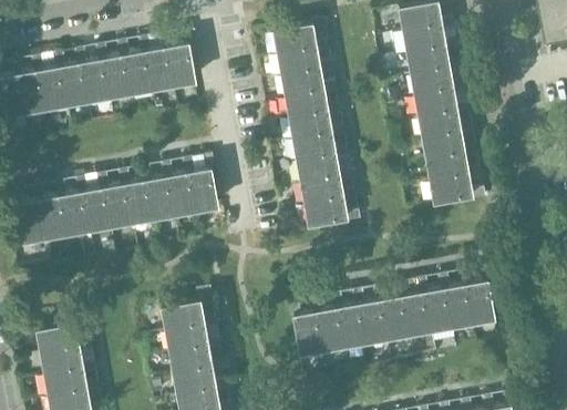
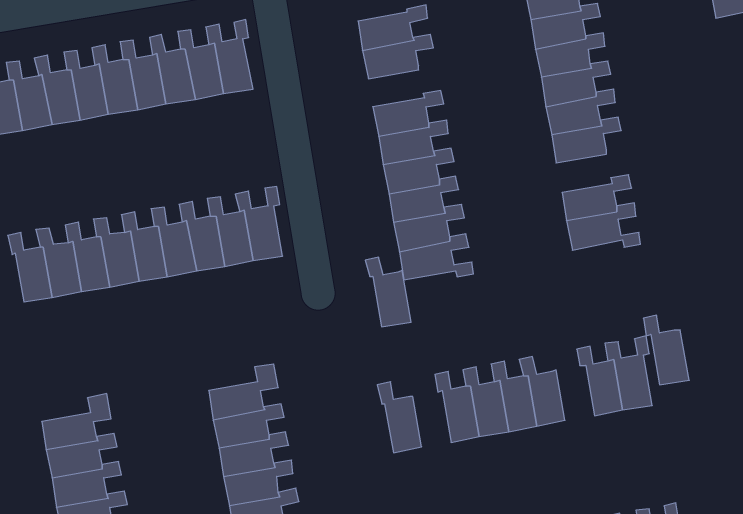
building: [281,64,333,98] -> none
building: [422,127,474,162] -> none
building: [416,280,451,332] -> [643,315,689,385]
building: [309,300,343,352] -> [365,257,411,327]

